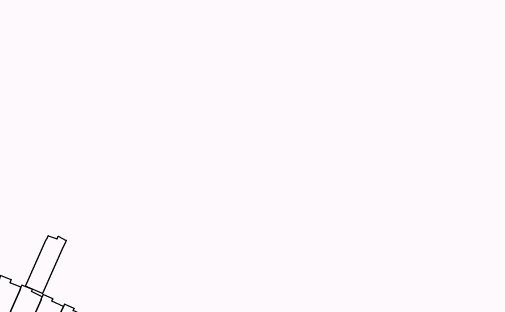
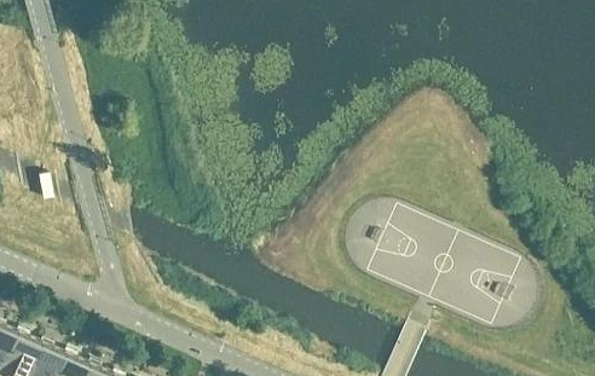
building: [25,236,66,294] -> none

